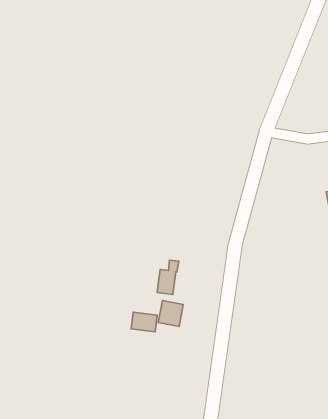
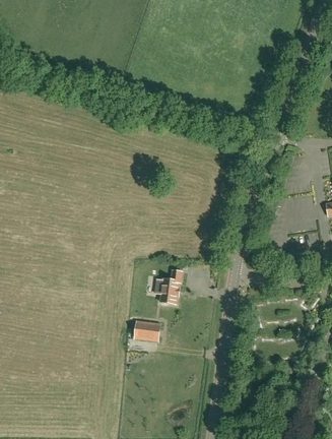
building: [158,300,183,326] -> none

